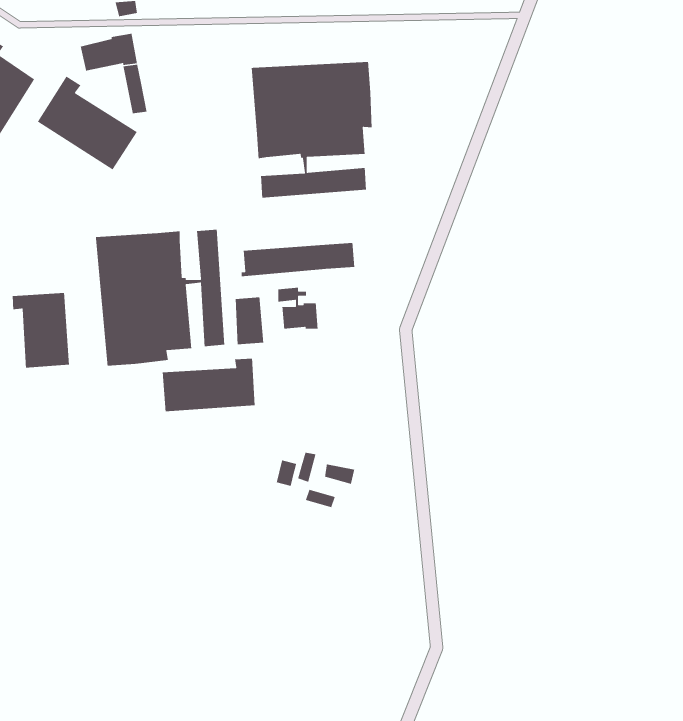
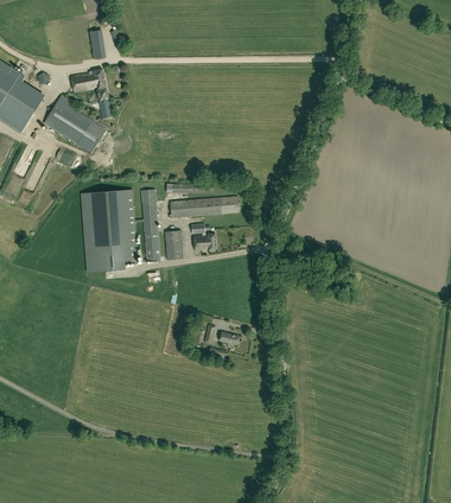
building: [251,61,373,199] -> none
building: [12,292,70,369] -> none
building: [162,358,255,412] -> none

